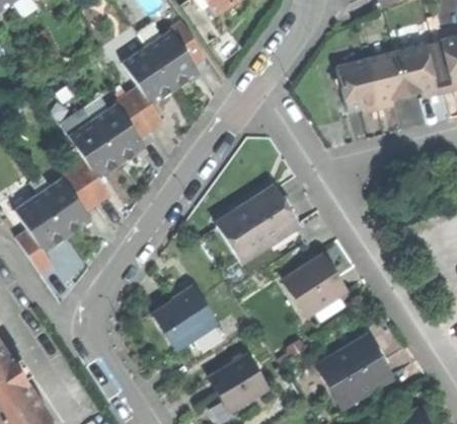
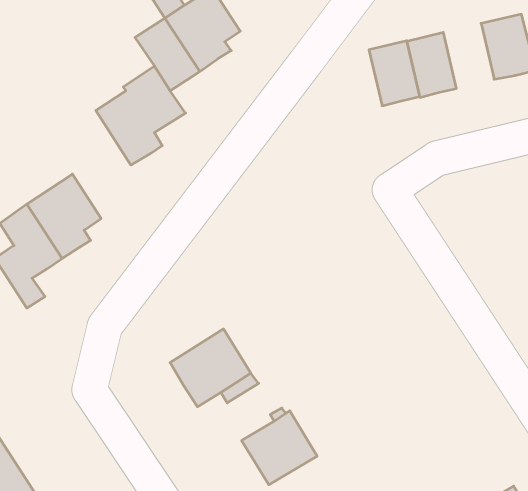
building: [365,51,404,101] -> [369,41,420,106]
building: [71,119,122,203] -> none
building: [219,190,299,261] -> none
building: [286,257,347,316] -> none
building: [318,342,392,408] -> none

